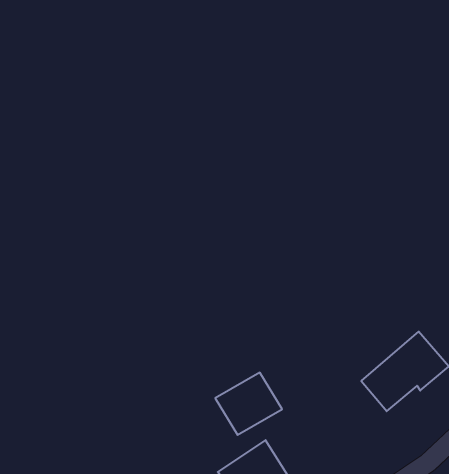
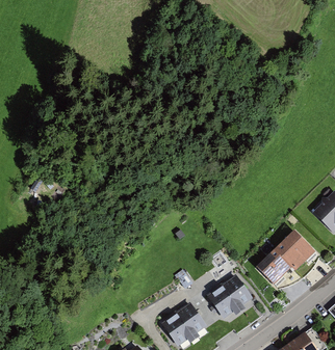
building: [215,373,282,435] -> [206,276,250,317]

